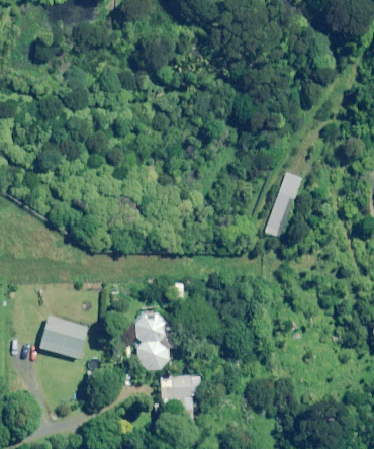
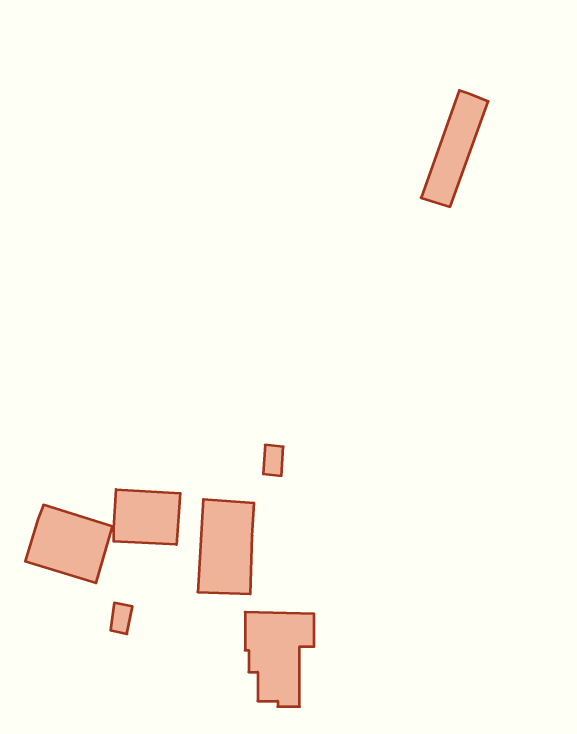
building: [264,171,301,236] -> [421,90,488,207]
building: none -> [114,489,180,545]

